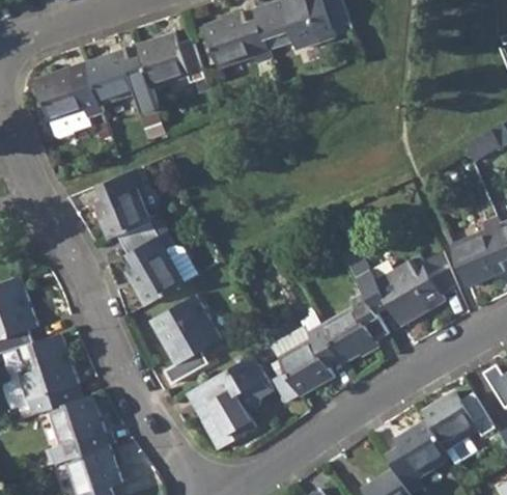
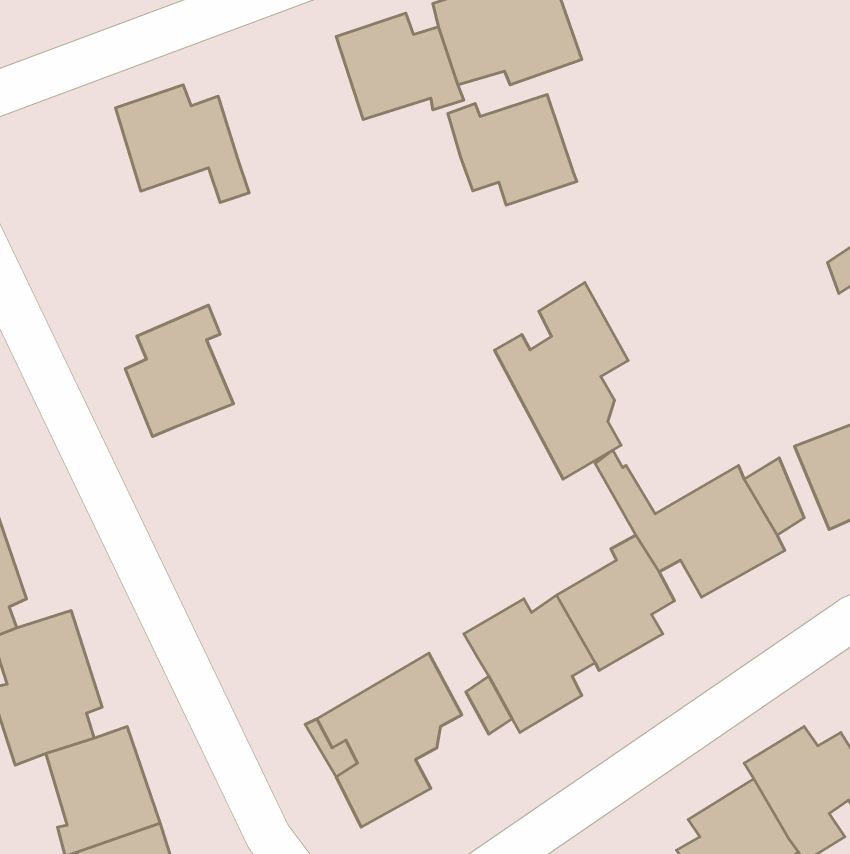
building: [136,32,204,89] -> none
building: none -> [448,94,577,205]
building: [32,62,102,137] -> none
building: none -> [495,282,628,479]
building: [117,221,195,306] -> none
building: [149,295,219,384] -> none

